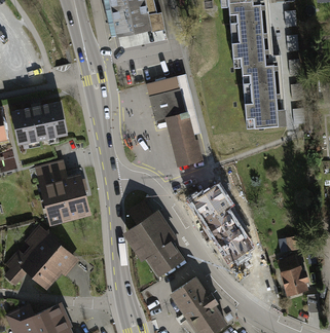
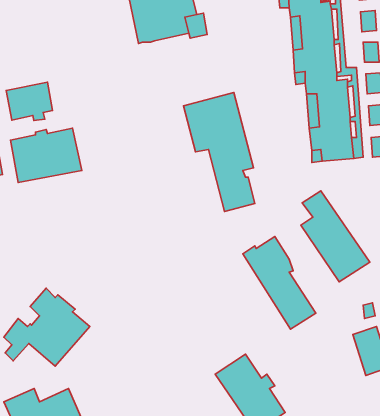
building: none -> [6,82,52,121]
building: [37,161,87,223] -> none
building: [129,203,182,274] -> [301,191,370,282]

